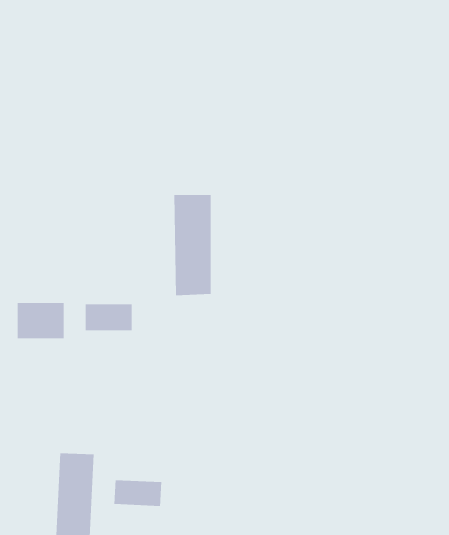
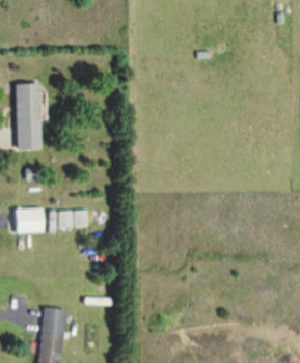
building: [174,195,212,296] -> [15,83,39,149]
building: [114,479,162,507] -> none

